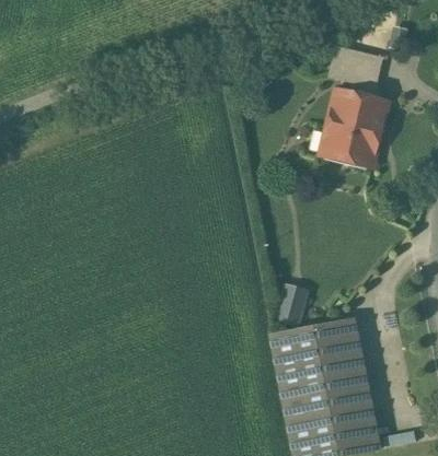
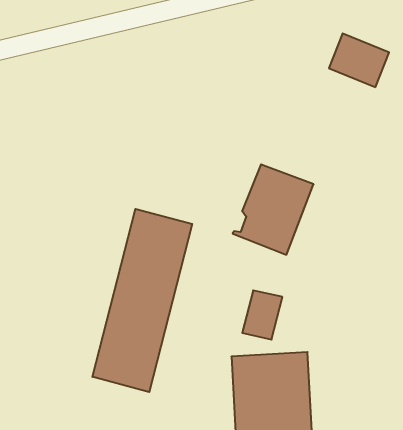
building: [321,89,385,164] -> [233,164,314,255]
building: none -> [92,209,192,392]

